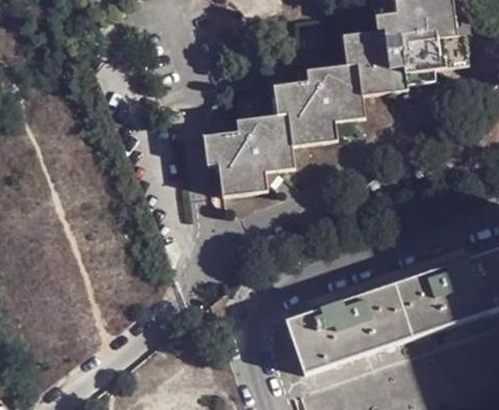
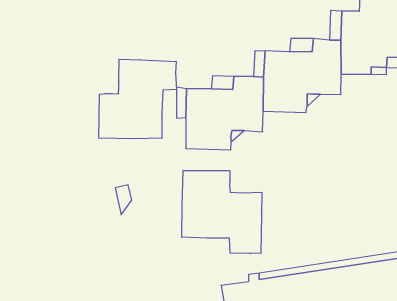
building: none -> [99,59,177,139]
building: none -> [182,170,262,254]

